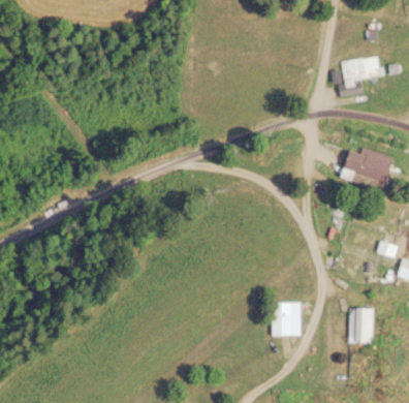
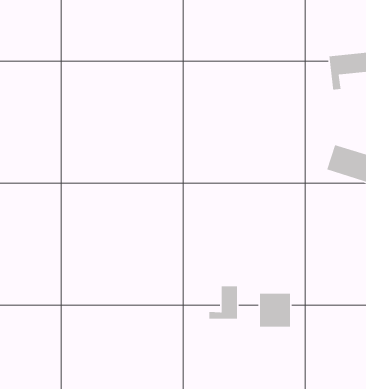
building: none -> [209,286,238,320]
building: [349,307,372,343] -> none

